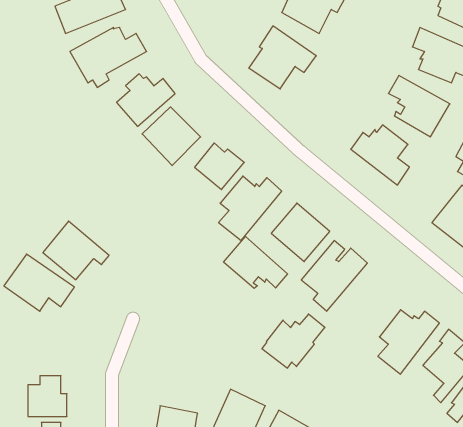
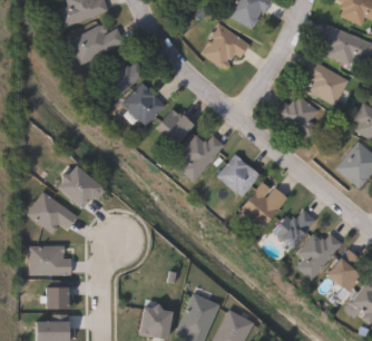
building: [224,236,288,288] -> none
building: [262,314,325,368] -> [275,211,322,251]
building: none -> [28,249,70,275]

